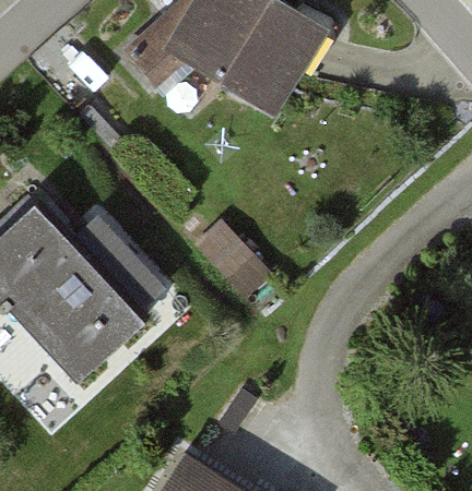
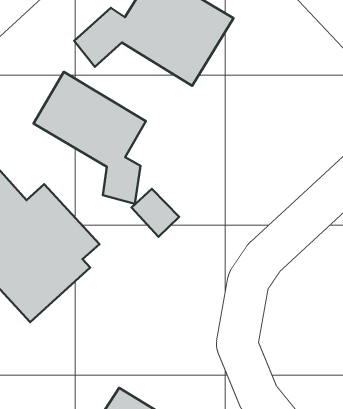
building: none -> [34,72,146,204]

